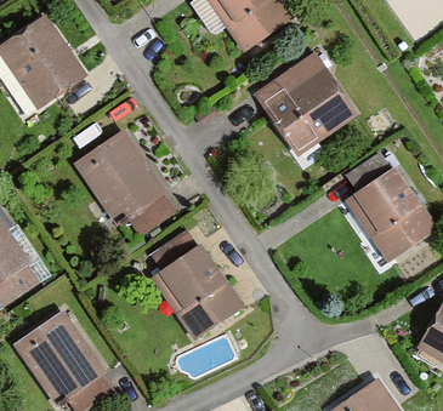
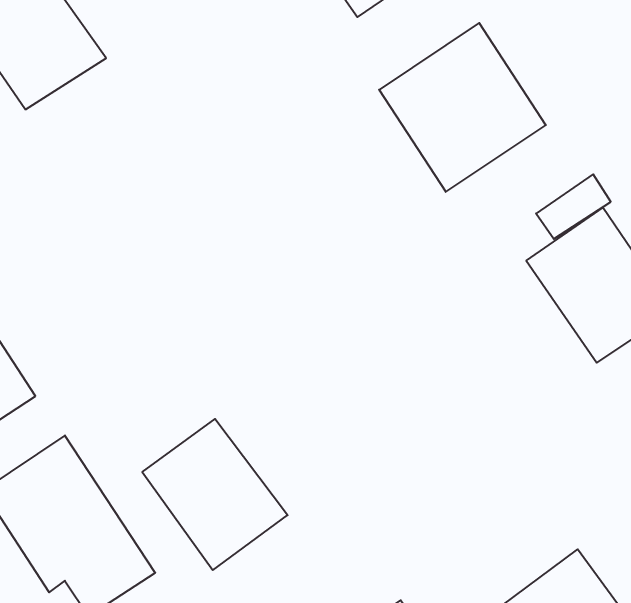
building: [72,130,178,240] -> none
building: [152,246,242,339] -> [142,419,288,570]

